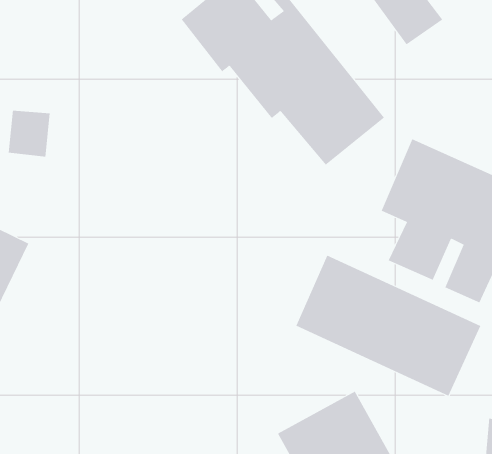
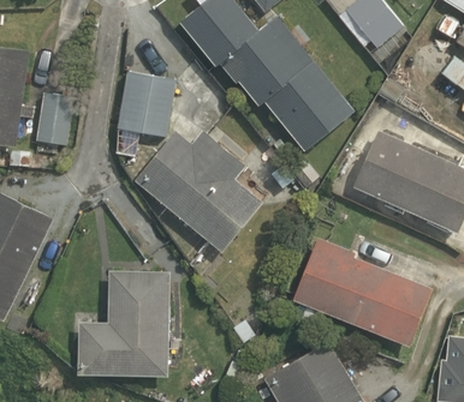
building: none -> [114,70,174,157]
building: none -> [137,127,262,251]
building: none -> [76,270,168,377]

